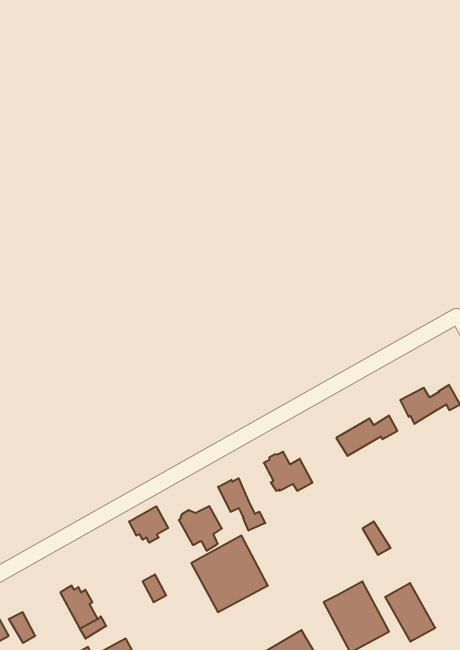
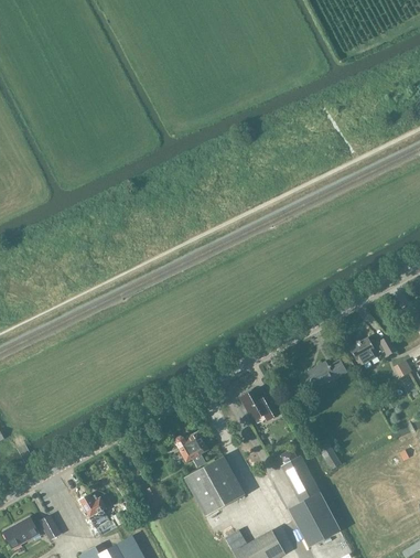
building: [218,478,265,531] -> none
building: [129,506,168,543] -> none
building: [385,583,435,642] -> [280,457,320,503]

